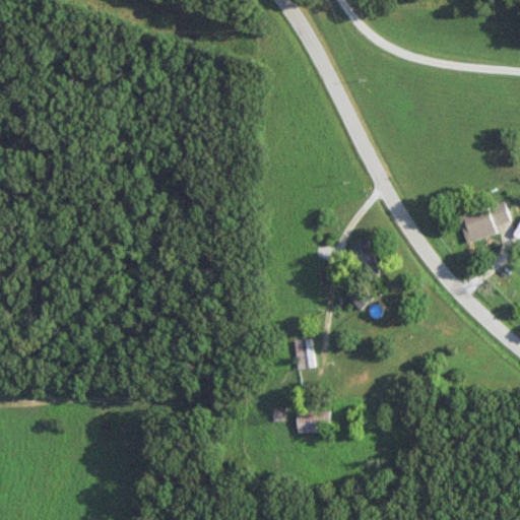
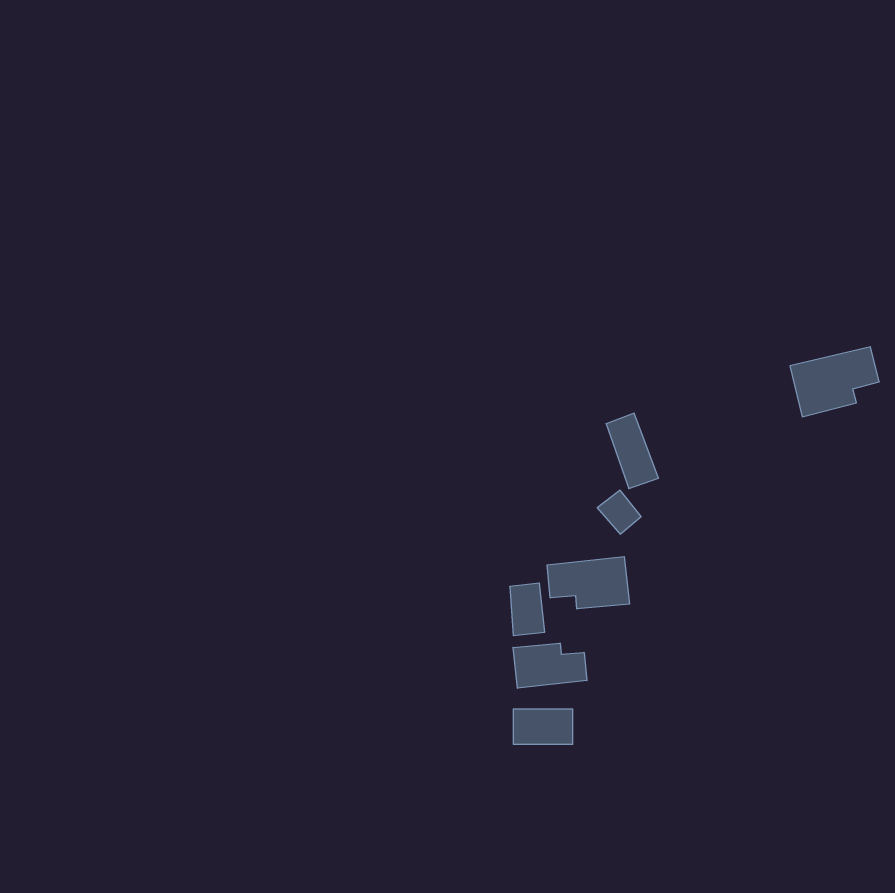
building: none -> [547,557,629,609]
building: none -> [513,643,587,688]

